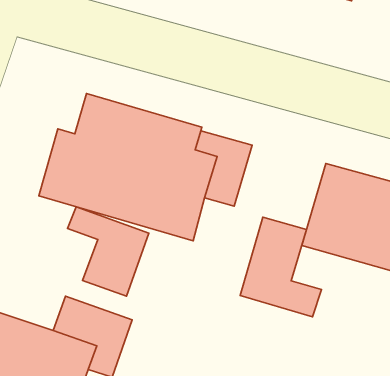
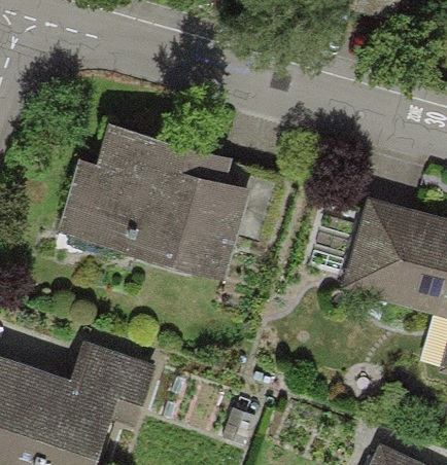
building: [67,207,149,296] -> none
building: [240,217,322,317] -> none

